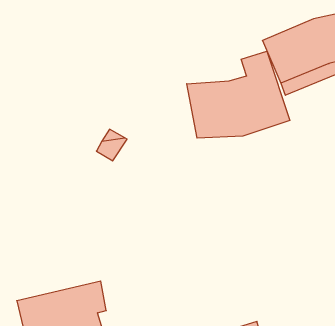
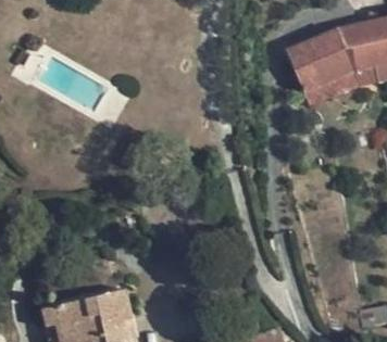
building: [187,51,290,138] -> none

